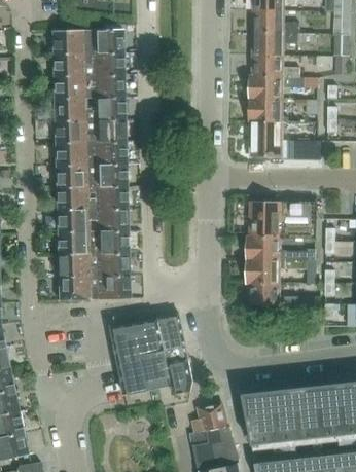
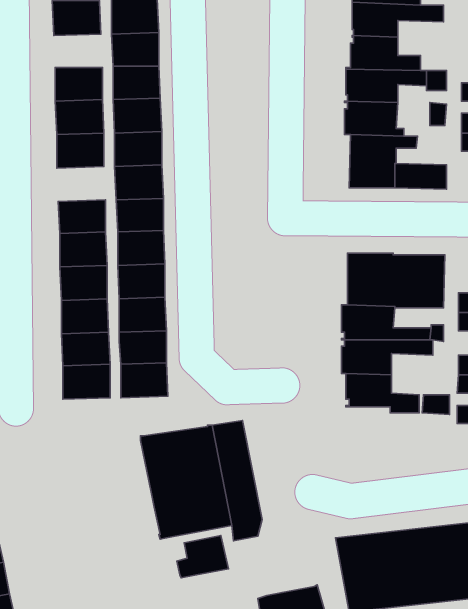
building: [52,53,85,76] -> none
building: [55,143,87,167] -> none
building: [193,404,228,433] -> [177,535,228,578]

